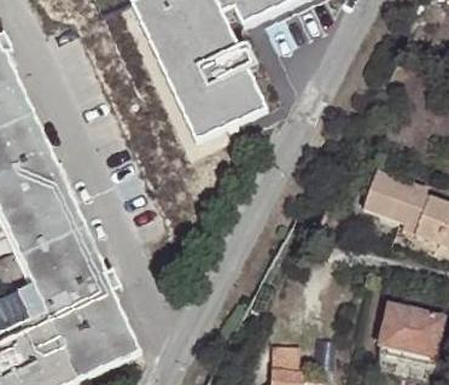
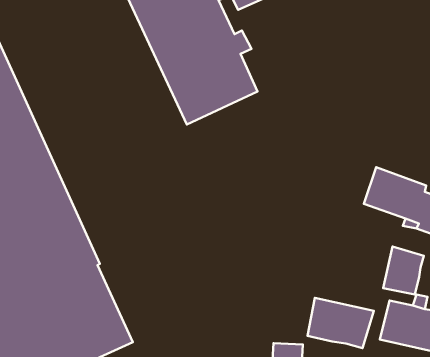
building: none -> [383,247,424,294]
building: none -> [307,298,374,348]

